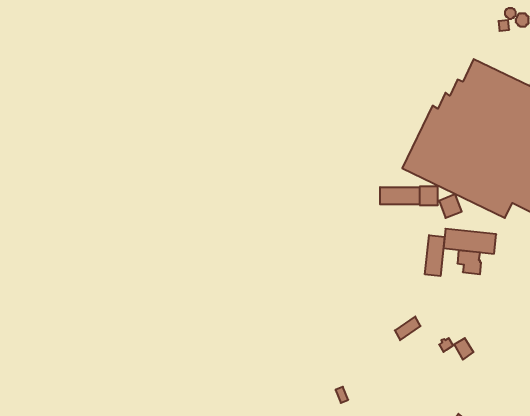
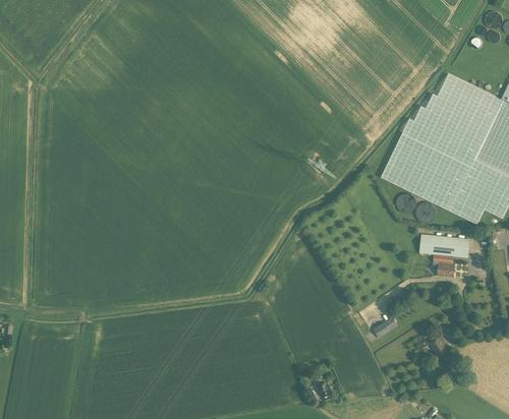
building: [380,187,420,204] -> none
building: [425,235,445,276] -> none

